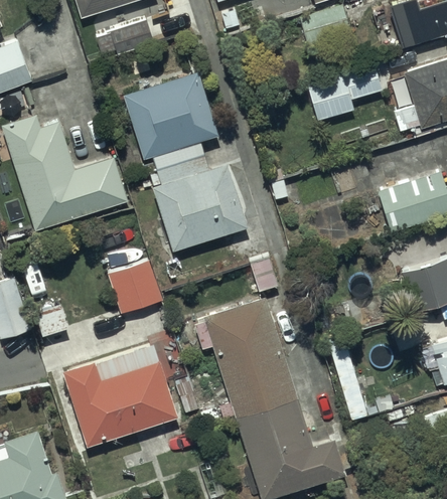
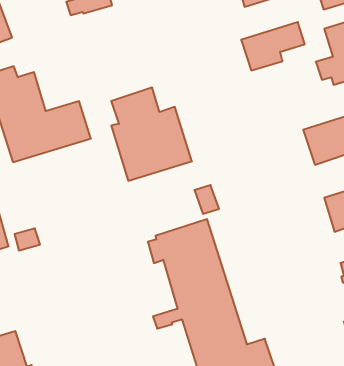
building: [123,71,218,160] -> none
building: [110,261,163,312] -> none
building: [63,362,177,447] -> none

